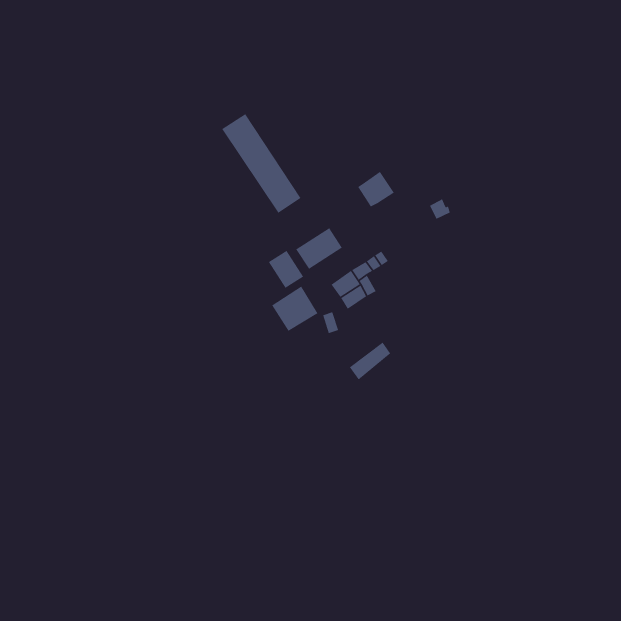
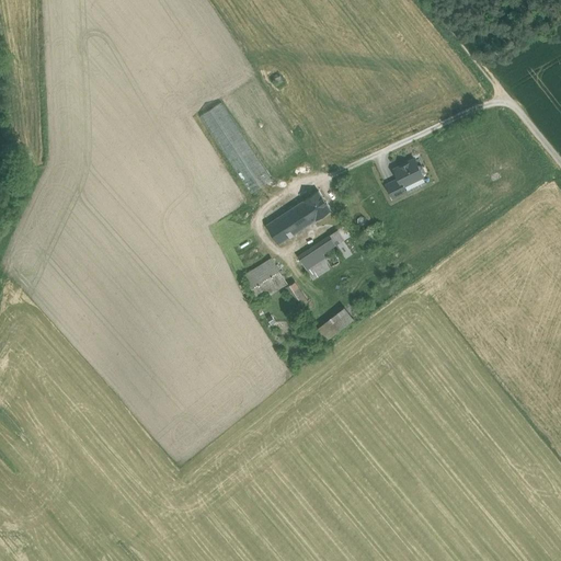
building: [357,171,395,207] -> [297,191,331,224]
building: none -> [394,159,425,186]
building: [268,250,304,289] -> none

